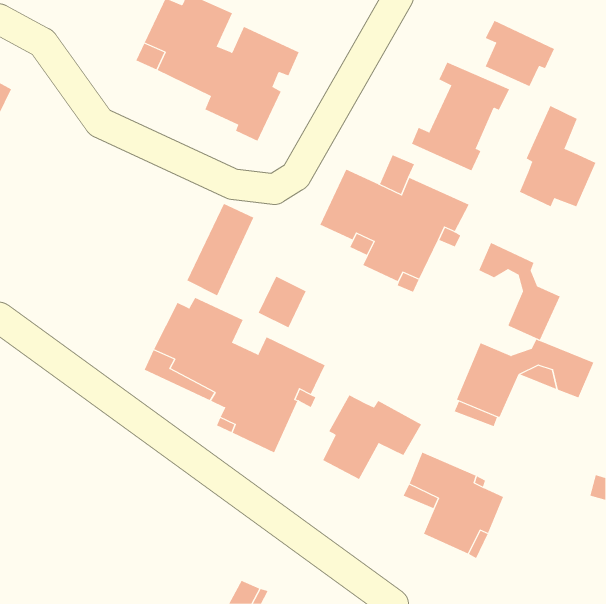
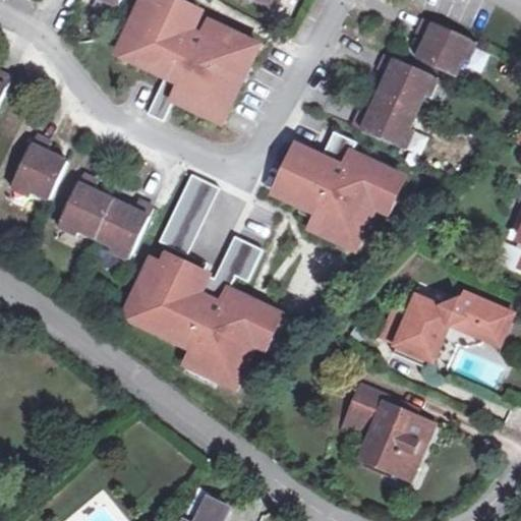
building: [519,105,596,207] -> none
building: none -> [12,134,67,197]
building: none -> [58,173,153,258]
building: [479,242,561,341] -> none
building: [323,395,422,480] -> none

